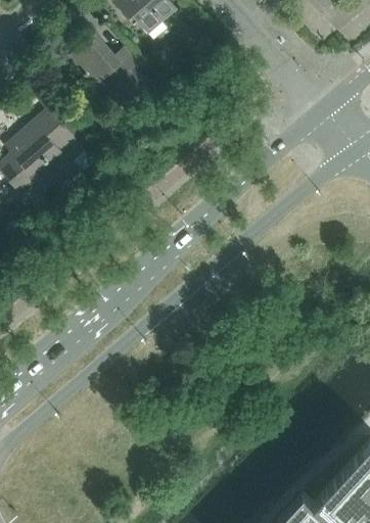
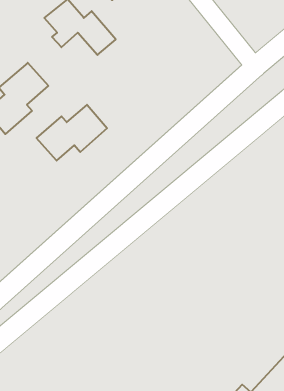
building: none -> [37,105,107,161]

